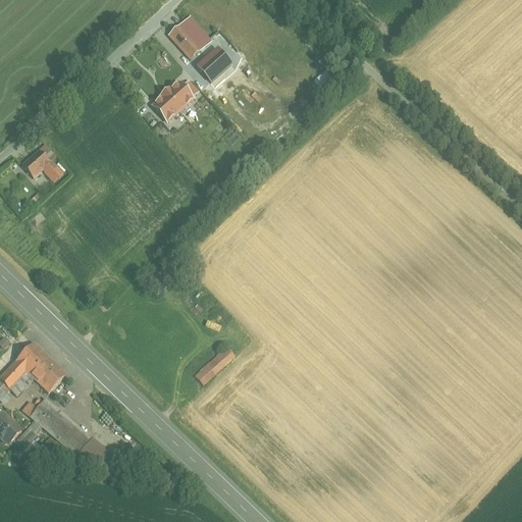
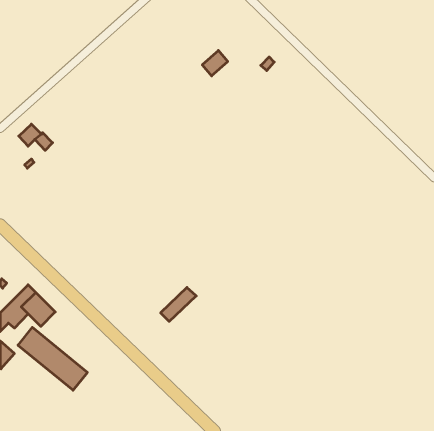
building: [168,17,208,58] -> none
building: [197,46,227,76] -> [202,50,228,76]
building: [154,81,199,120] -> none

